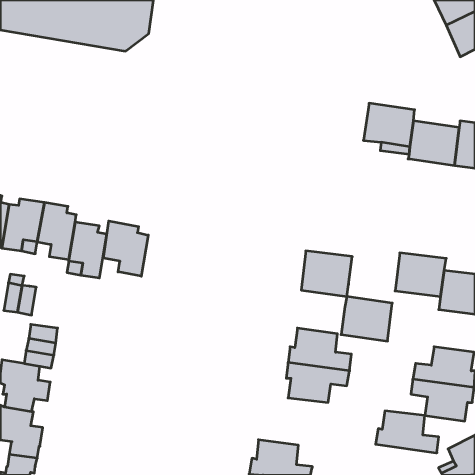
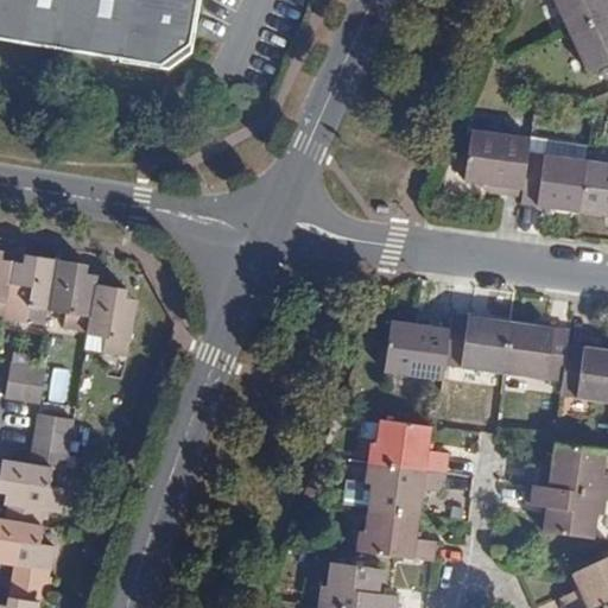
building: [103,221,148,276] -> none
building: [341,297,392,341] -> [445,315,511,372]
building: [376,411,439,453] -> [356,508,437,562]

